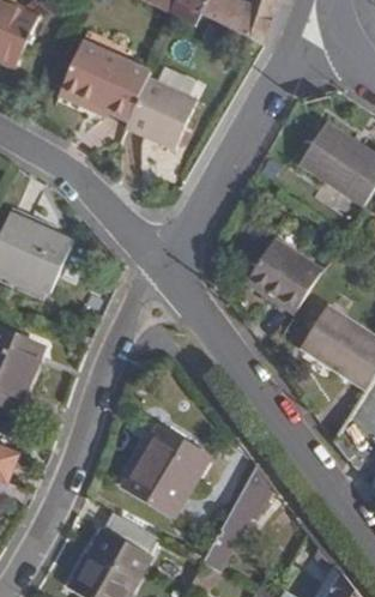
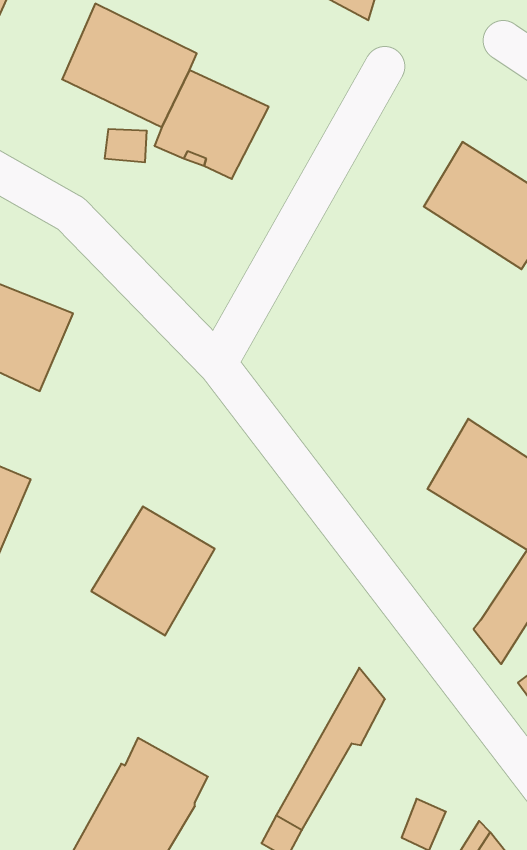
building: [246,236,321,313] -> none
building: [127,428,207,512] -> [91,506,215,636]

